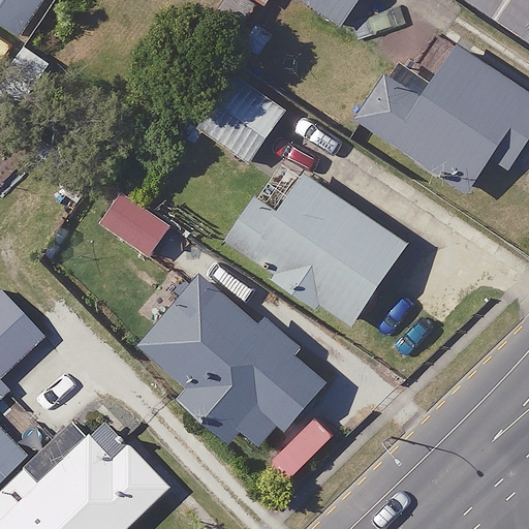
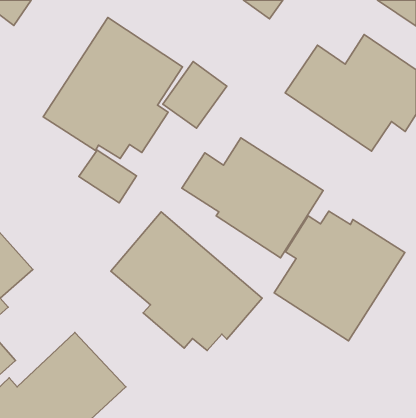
building: none -> [43,18,183,159]
building: none -> [274,211,405,341]

